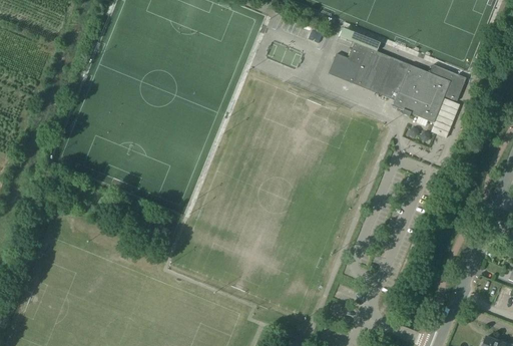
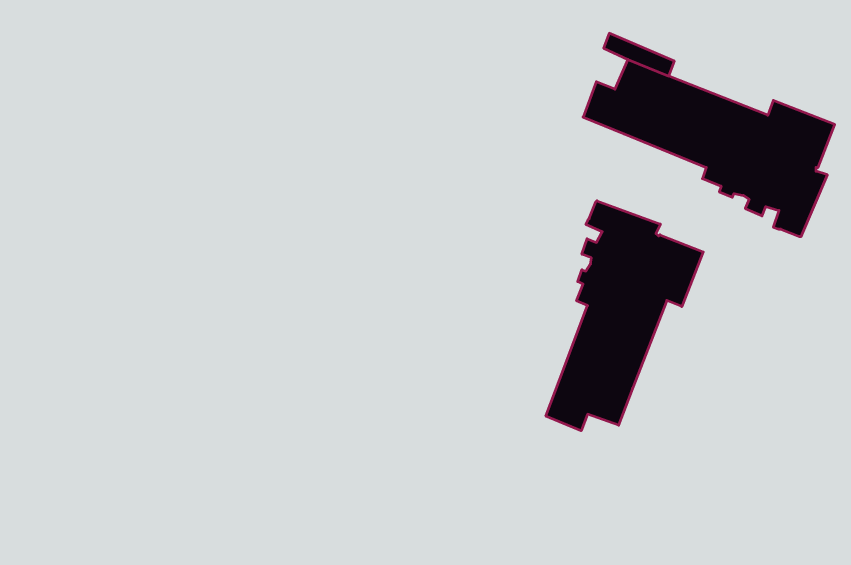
building: none -> [546,201,703,431]

